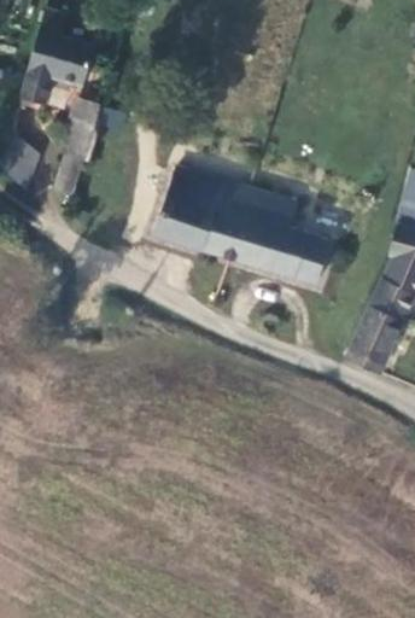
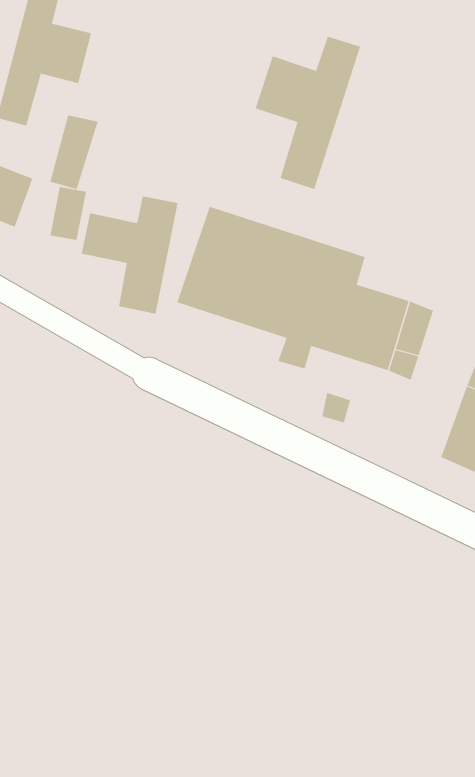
building: none -> [255,36,361,190]
building: none -> [81,196,178,314]

